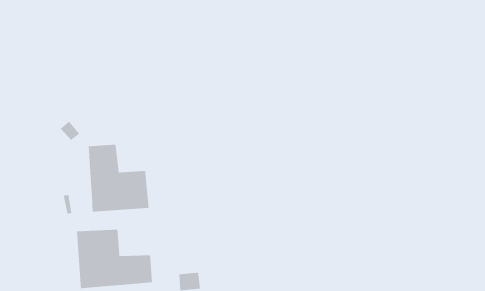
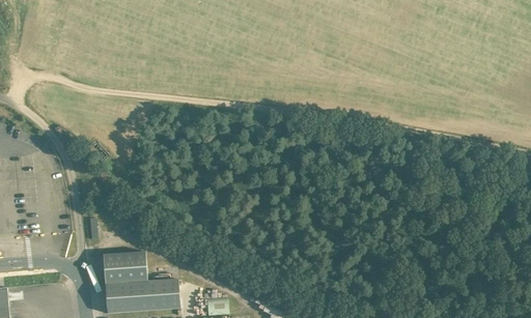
building: [88,144,149,212] -> none

